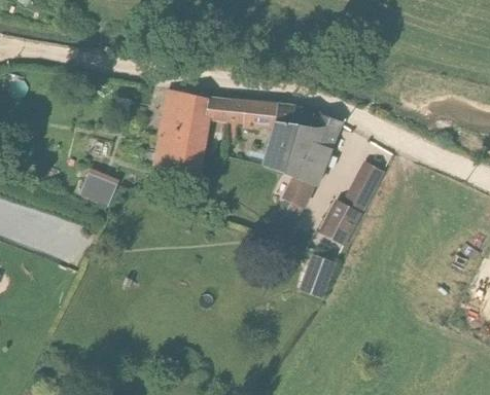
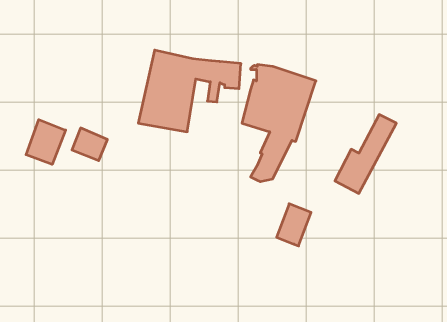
building: [319,160,385,245] -> [335,115,396,193]
building: none -> [26,120,66,164]

